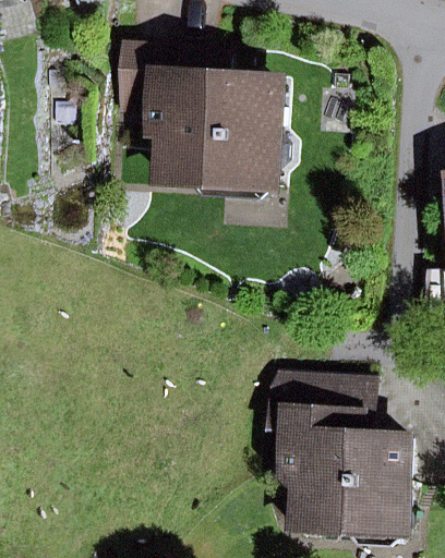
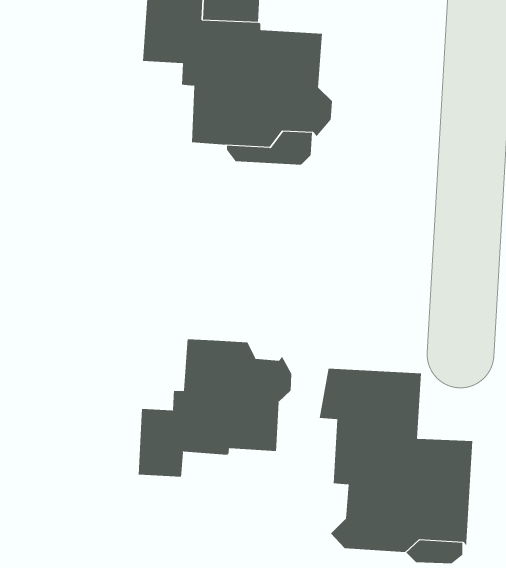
building: none -> [138,338,292,477]

